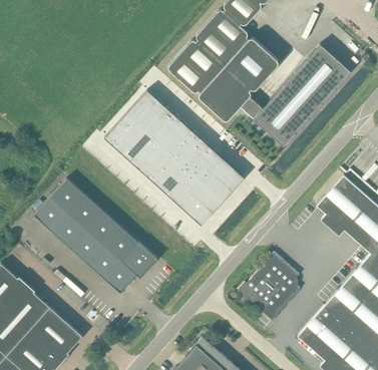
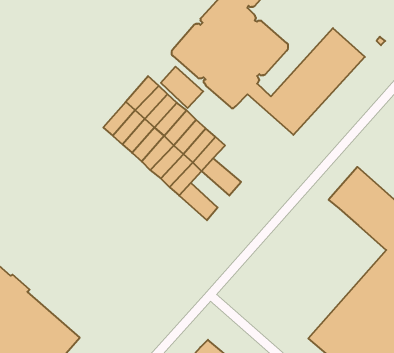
building: none -> [161,67,203,108]
building: [208,155,244,190] -> none
building: [33,178,156,293] -> none
building: [186,179,223,214] -> none
building: [238,253,300,321] -> none

